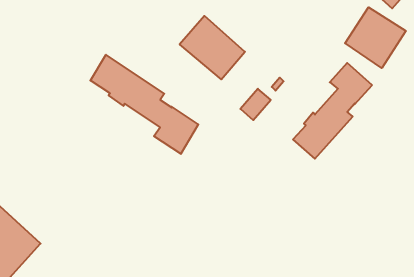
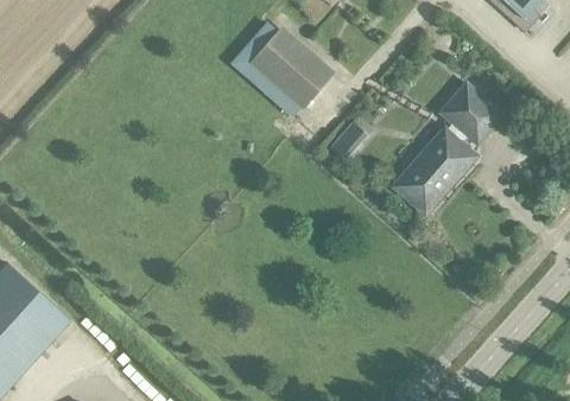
building: [345,7,406,68] -> none
building: [90,55,198,154] -> none

